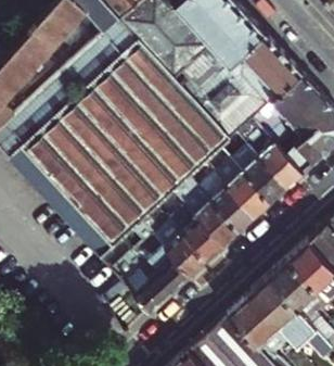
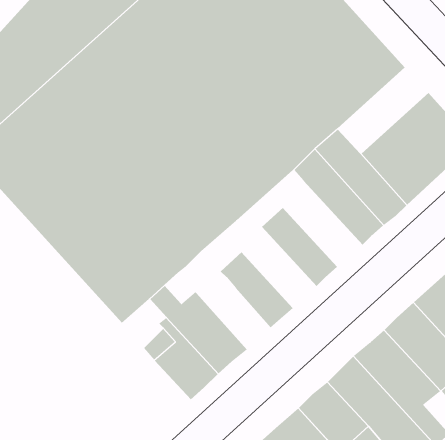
building: [256,76,320,137] -> none
building: [215,156,273,217] -> none
building: [176,185,241,247] -> none
building: [156,220,208,276] -> none

